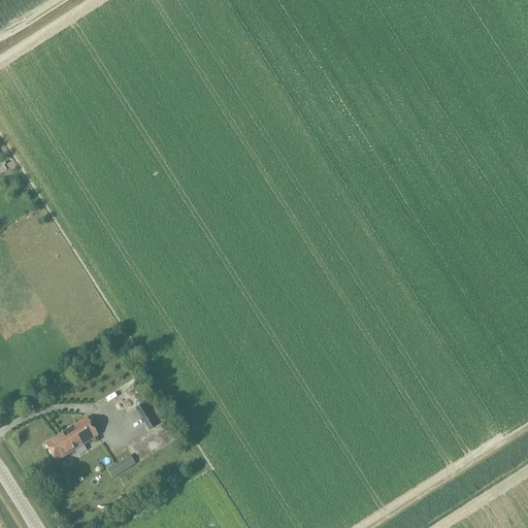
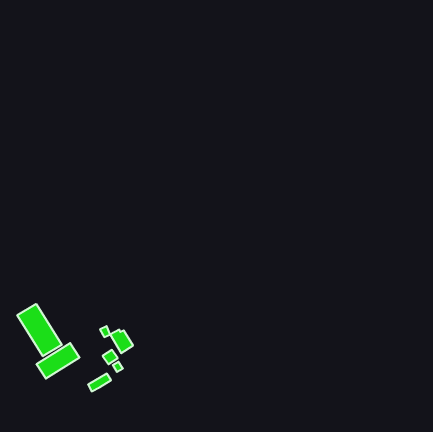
building: none -> [17,304,62,356]

